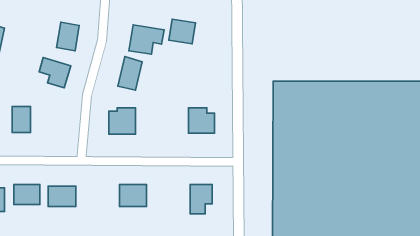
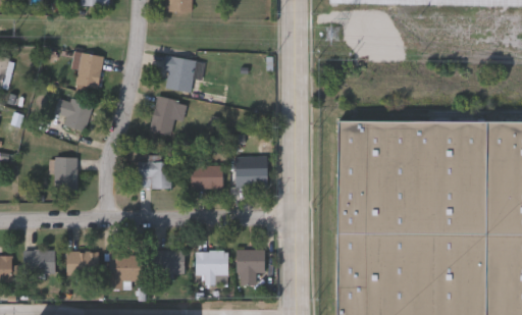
building: [169,19,195,44] -> none
building: [12,106,31,132] -> [54,156,76,188]
building: none -> [191,164,222,188]
building: none -> [196,250,227,284]
building: none -> [109,251,141,288]

